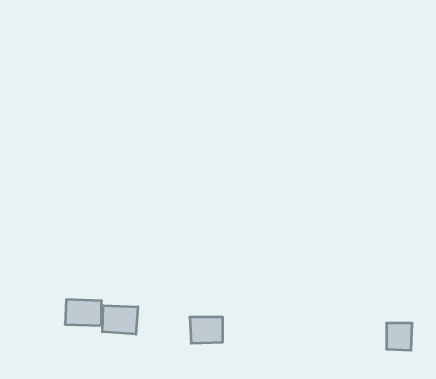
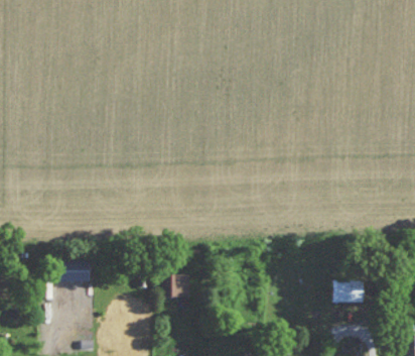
building: [102,306,138,334] -> none

